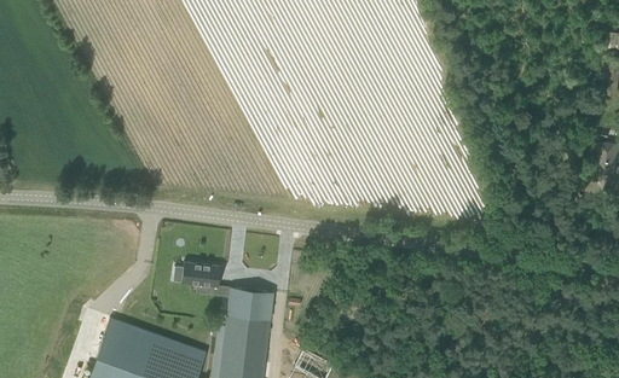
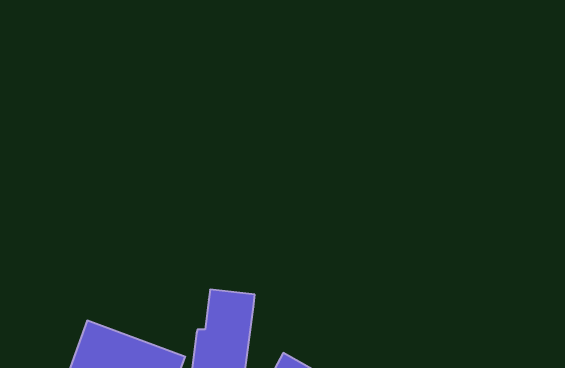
building: [175,262,222,286] -> none

